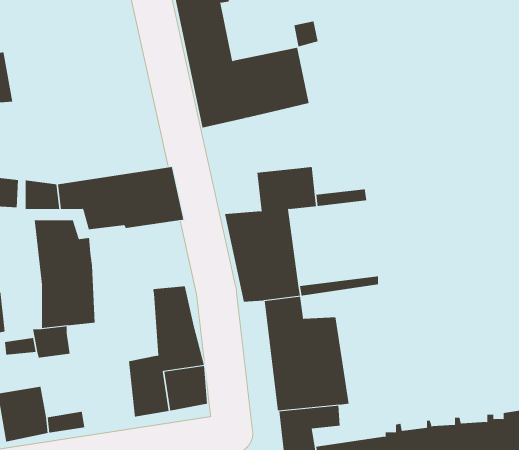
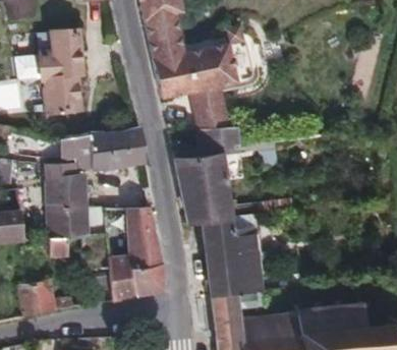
building: none -> [39,32,79,113]
building: none -> [190,88,226,131]

